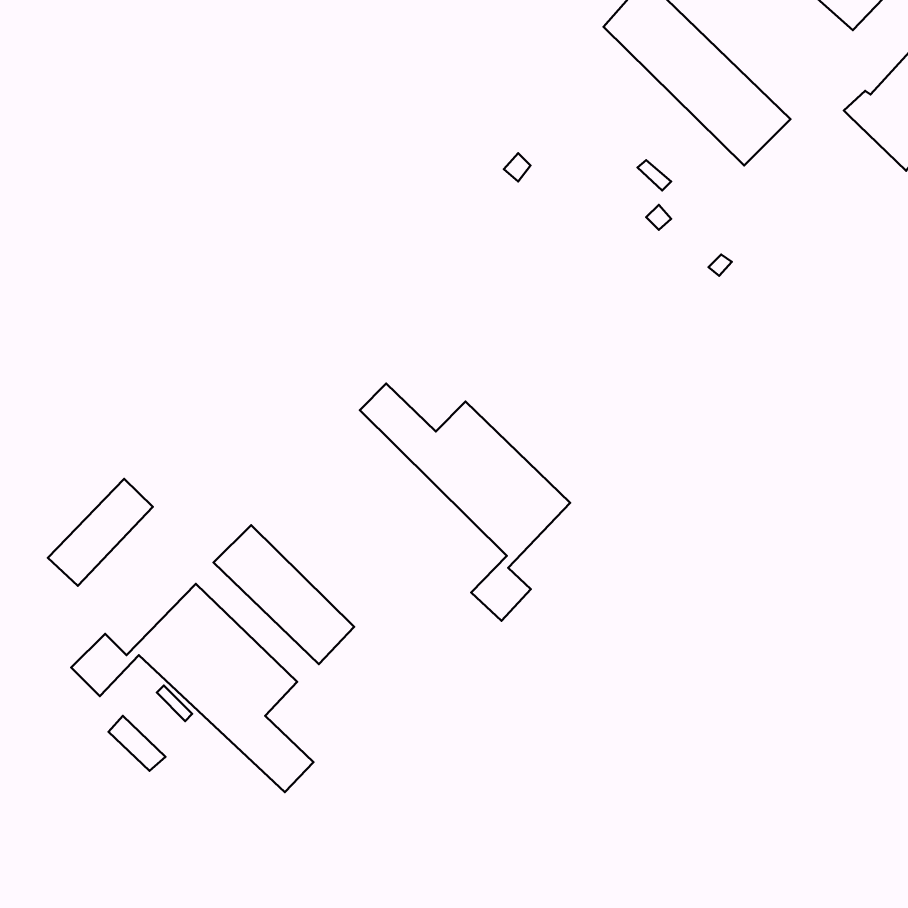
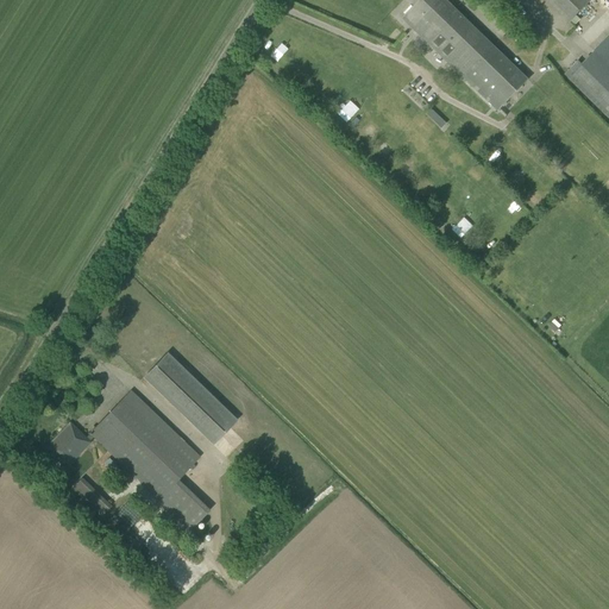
building: [360,384,570,621] -> none
building: [48,479,153,586] -> none

